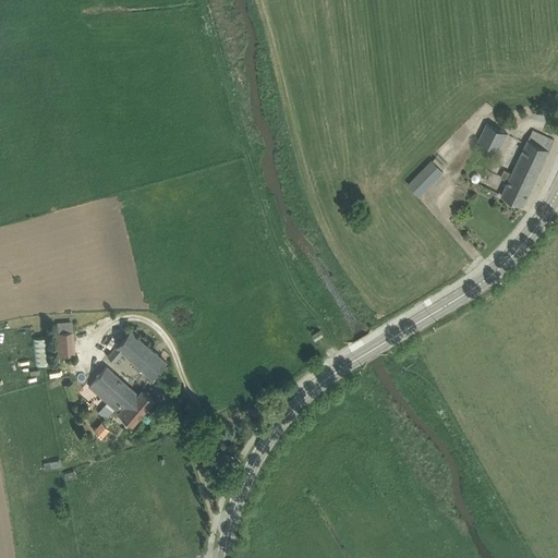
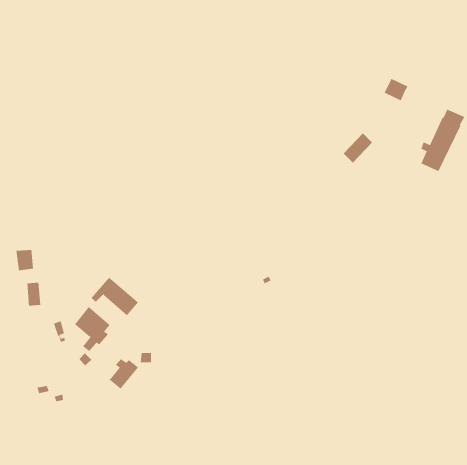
building: [478,125,508,153] -> [384,78,409,101]
building: [52,335,74,360] -> [16,250,34,271]
building: [118,390,154,427] -> [109,358,139,389]

